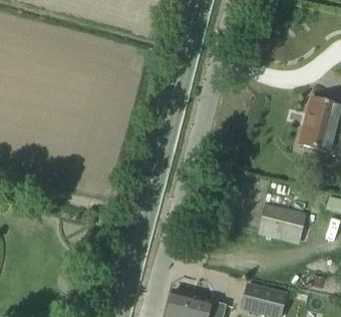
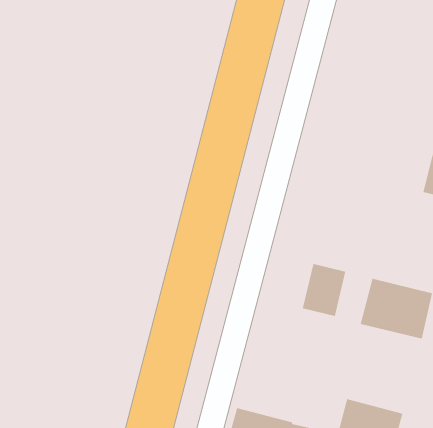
building: none -> [302,263,346,317]

